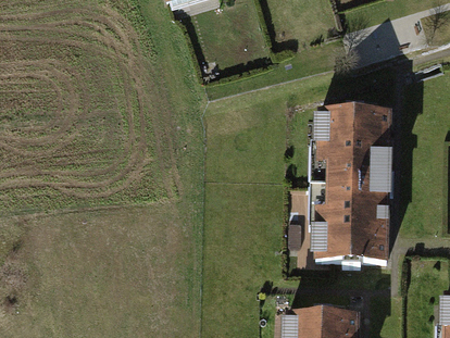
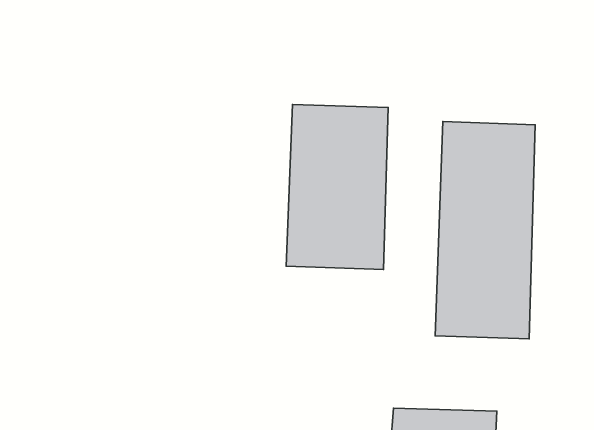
building: none -> [286,104,388,269]

